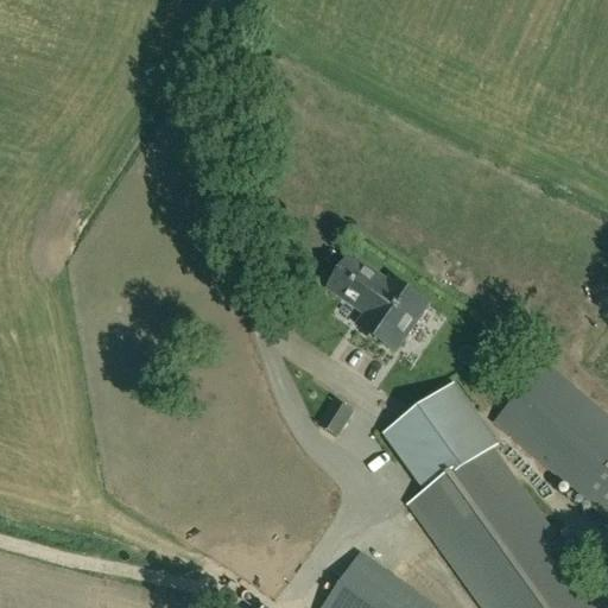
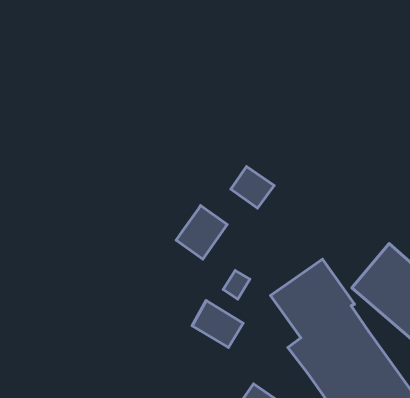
building: [356,278,426,352] -> [176,206,227,259]
building: none -> [192,301,243,348]

